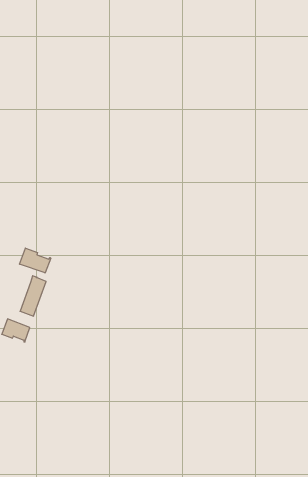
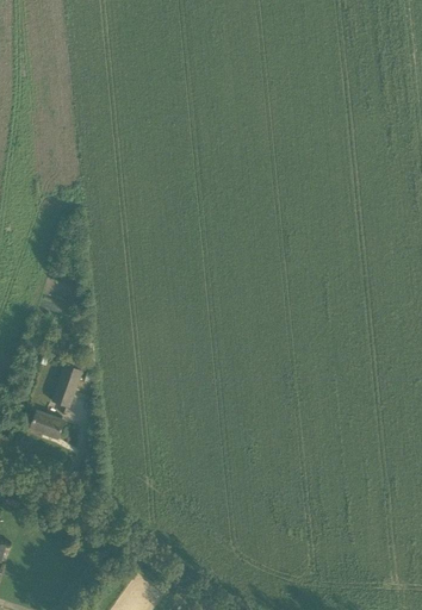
building: [20,248,51,273] -> none

